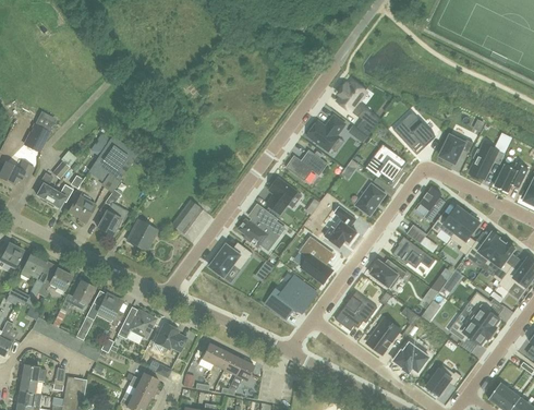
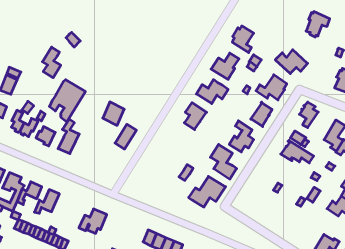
building: none -> [42,47,61,78]
building: [439,130,472,164] -> [306,12,330,37]
building: [430,205,468,238] -> none
building: [236,208,284,246] -> none
building: [126,218,156,250] -> [103,102,124,125]
building: [209,241,252,276] -> none
building: [369,260,406,288] -> none
building: [85,292,123,325] -> none
building: [335,294,374,329] -> none
building: [366,319,397,352] -> none
building: [154,322,186,350] -> none
building: [392,341,428,372] -> none

